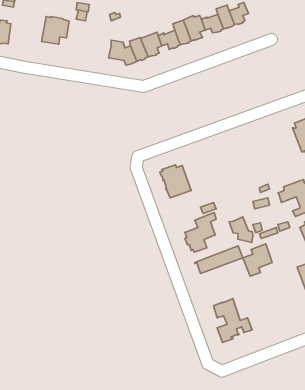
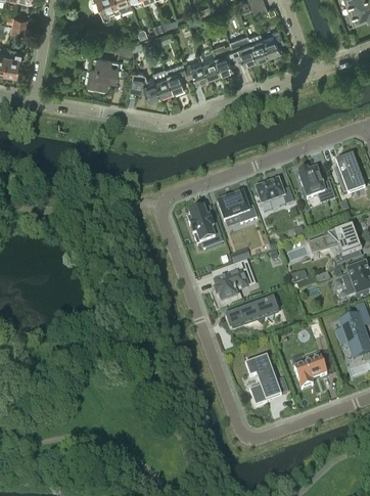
building: [41,17,69,44] -> [87,55,118,86]
building: none -> [298,170,334,201]
building: none -> [256,181,293,206]
building: none -> [218,193,258,224]
building: [229,217,253,243] -> none
building: [243,244,272,276] -> [293,354,326,390]

